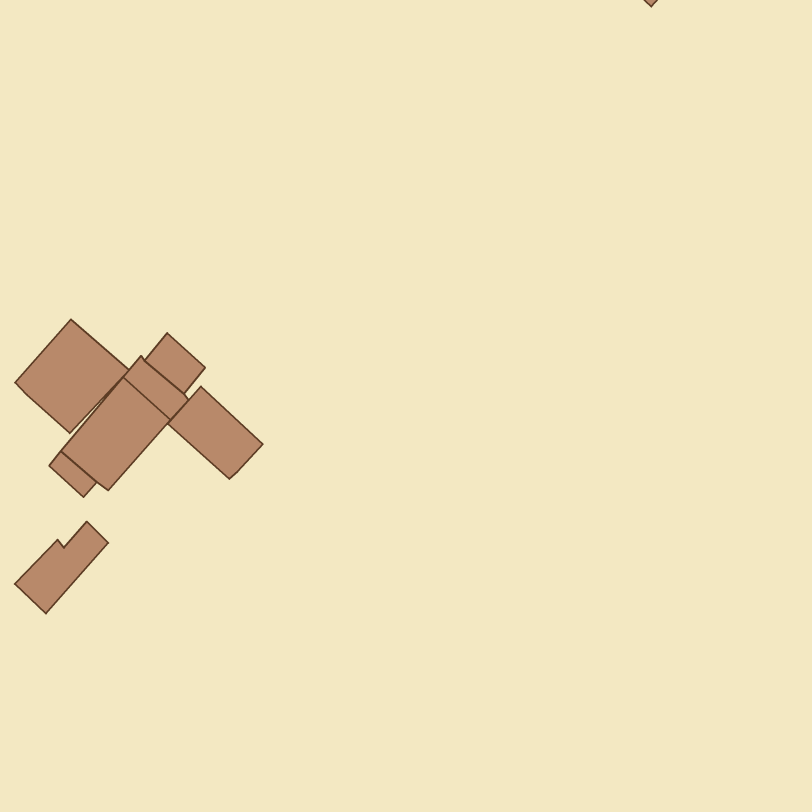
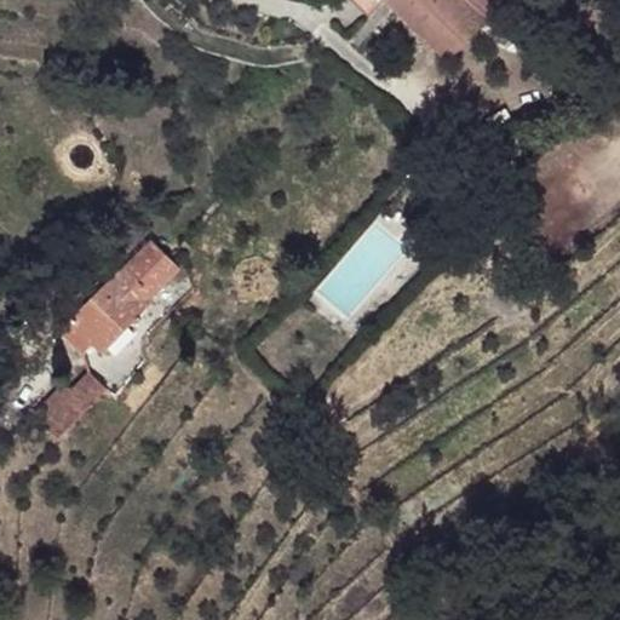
building: [15,319,129,433] -> none
building: [168,386,263,479] -> none

